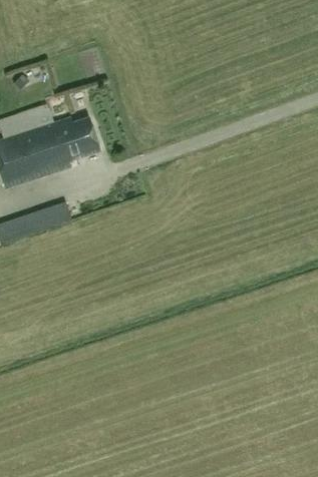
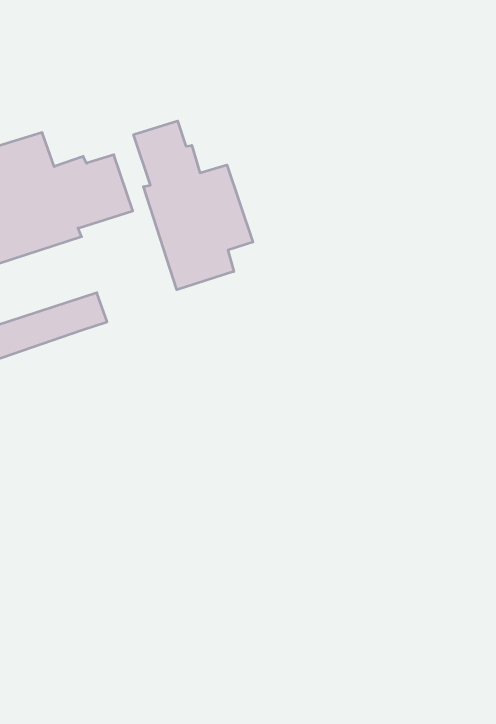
building: none -> [134,121,253,290]

